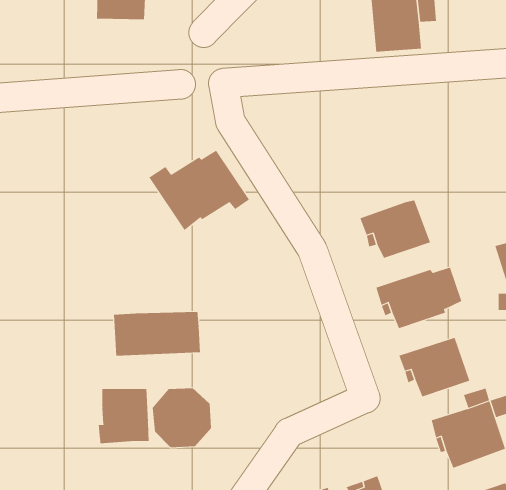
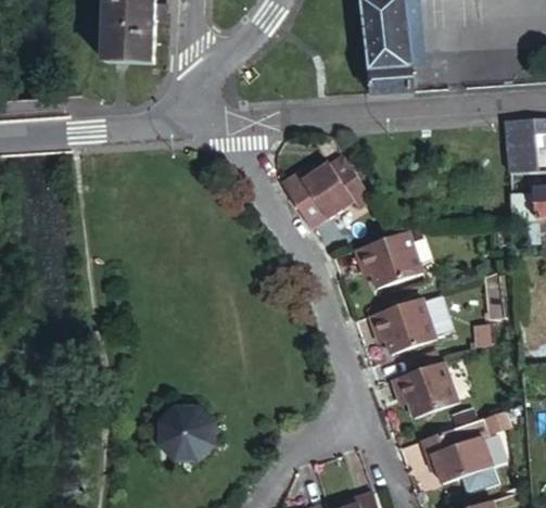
building: [148,150,250,231] -> [277,150,372,226]
building: [113,311,200,357] -> none
building: [98,388,149,444] -> none

